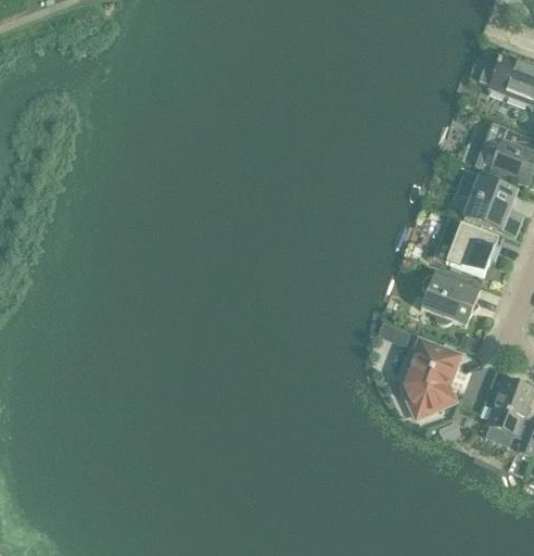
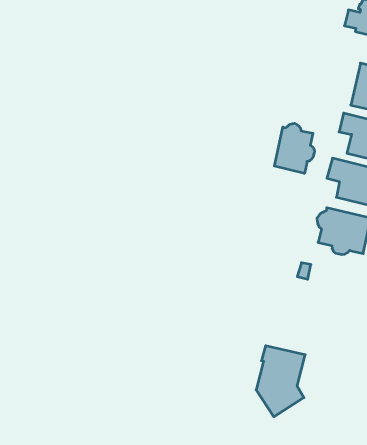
building: none -> [274,123,315,173]
building: [403,340,460,417] -> [256,346,305,417]

